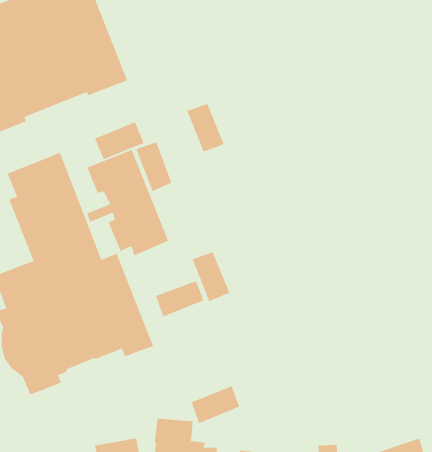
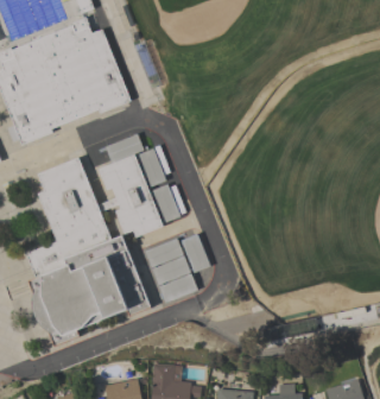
building: [186,103,225,152] -> [151,184,180,222]
building: none -> [144,238,183,267]
building: [191,385,240,424] -> [159,273,197,303]

